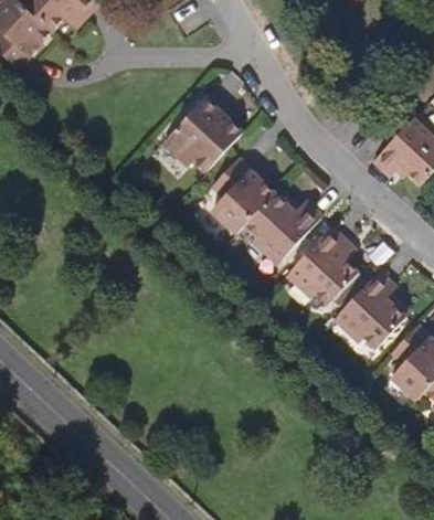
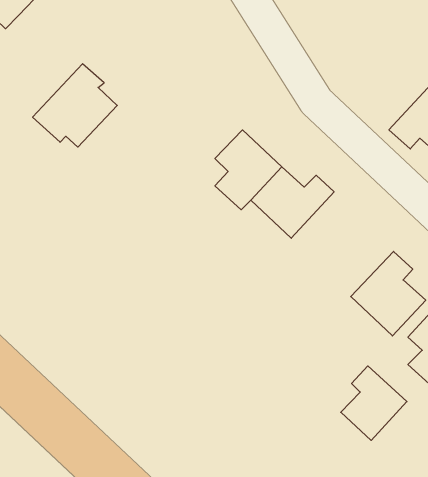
building: [163,95,242,172] -> [33,64,117,147]
building: [290,230,358,307] -> none
building: none -> [341,366,407,440]

